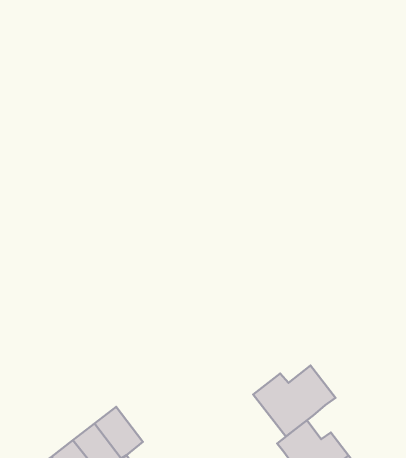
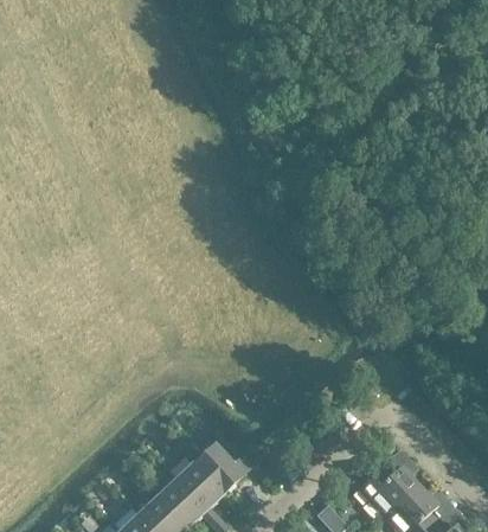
building: [253,365,335,436] -> none
building: none -> [195,442,251,492]

